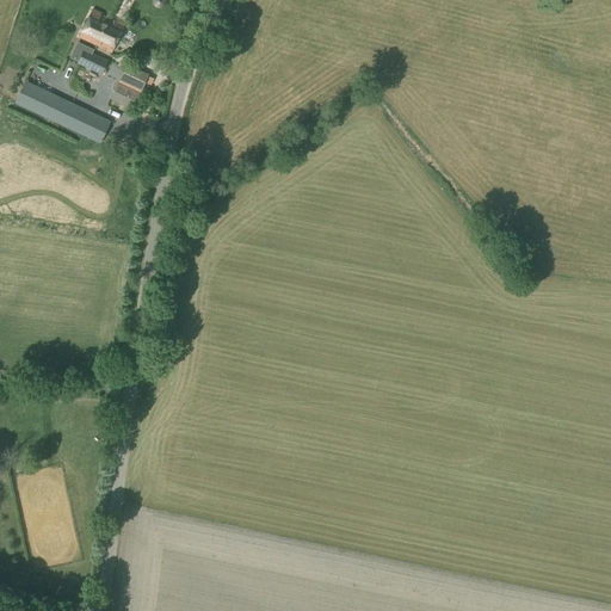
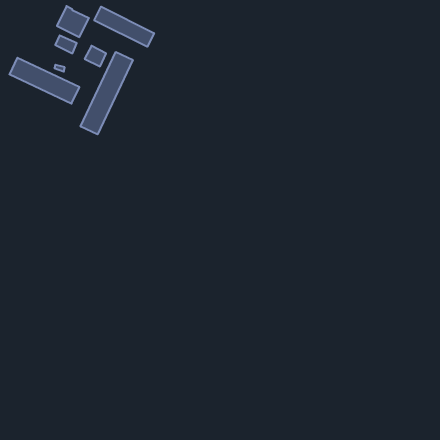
building: none -> [94,7,154,47]
building: none -> [81,52,133,134]

